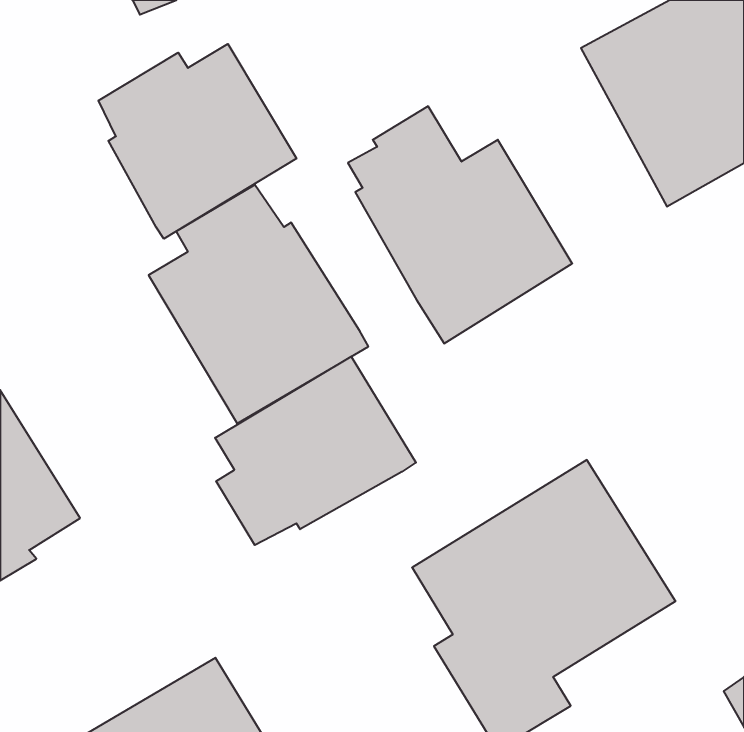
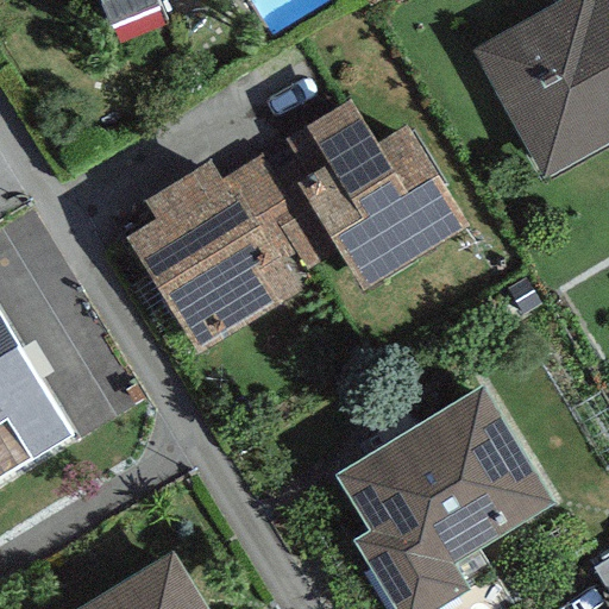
building: [98,44,296,239] -> none
building: none -> [231,159,340,280]
building: [215,356,416,545] -> none

